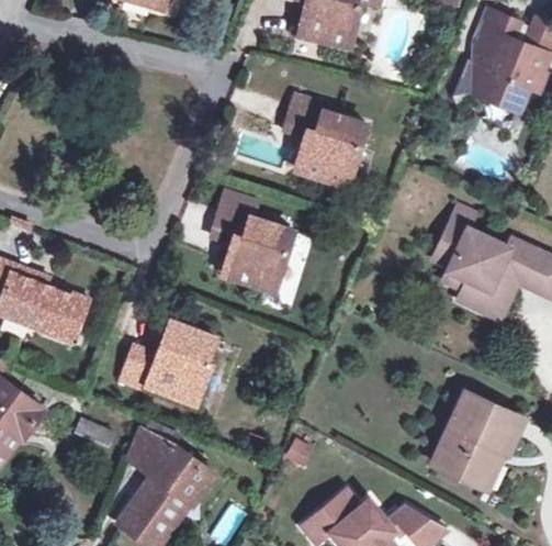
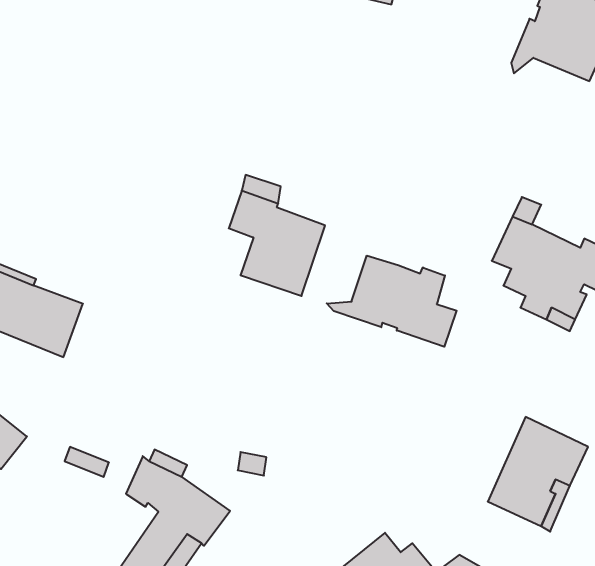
building: [286,96,368,185] -> none
building: none -> [327,256,457,347]
building: [124,321,216,403] -> none

